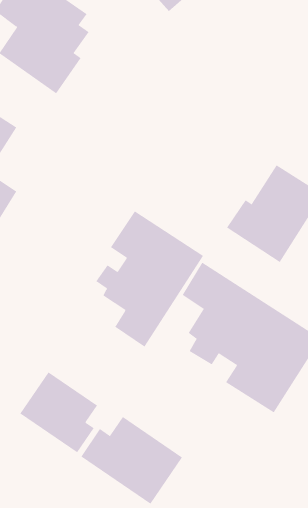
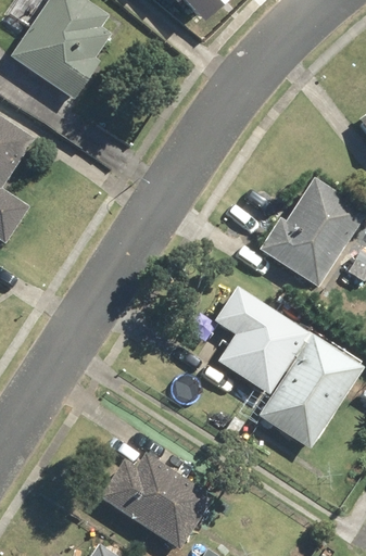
building: [95,210,204,348] -> none
building: [20,371,98,453] -> none

